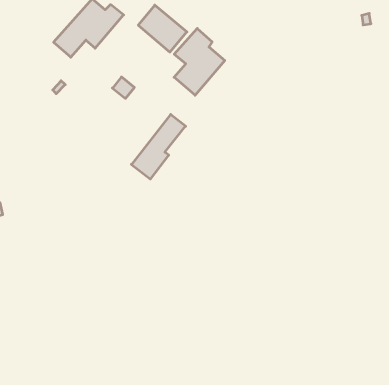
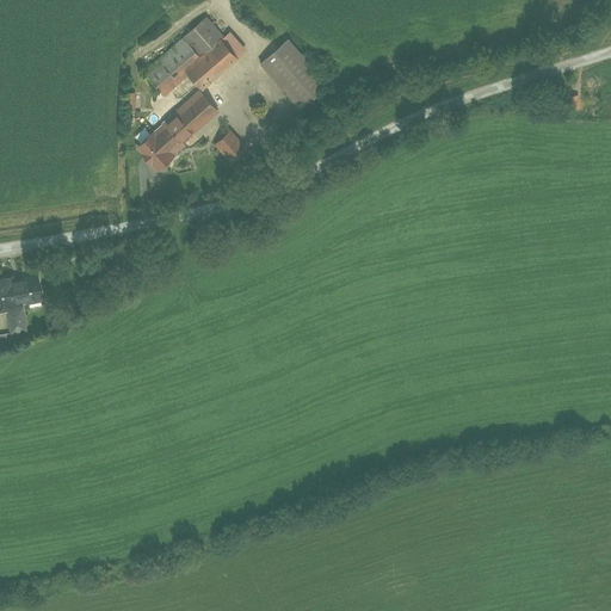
building: [174,28,225,95] -> none
building: [131,114,186,179] -> [135,90,216,173]

